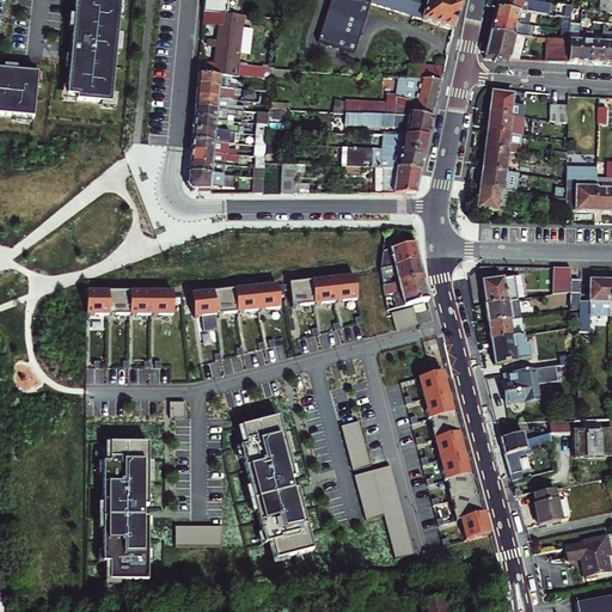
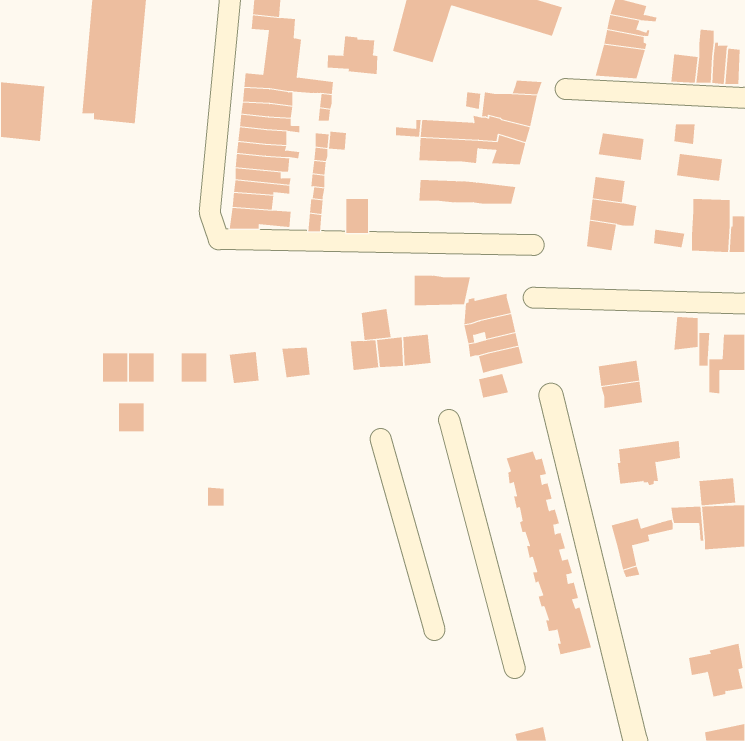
building: none -> [327,36,378,75]
building: [494,90,528,114] -> none
building: [488,127,526,149] -> [676,153,723,181]
building: [379,133,427,153] -> none
building: [373,166,420,191] -> [414,275,471,306]
building: [486,273,522,300] -> none
building: [252,281,277,307] -> [361,308,392,341]
building: [210,286,234,312] -> none
building: [127,289,148,313] -> [118,403,144,432]
building: [495,330,536,359] -> none
building: none -> [699,478,736,506]
building: [237,416,312,564] -> none
building: [341,421,369,467] -> none
building: [102,441,148,583] -> none
building: [354,464,414,557] -> none
building: [533,482,563,516] -> none
building: [175,525,221,545] -> none

